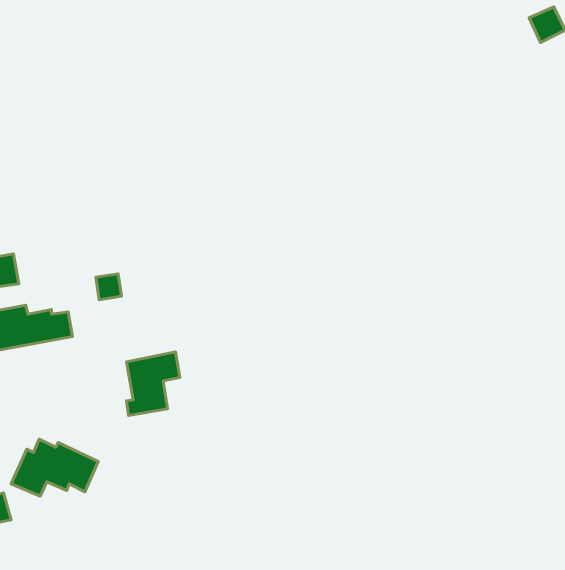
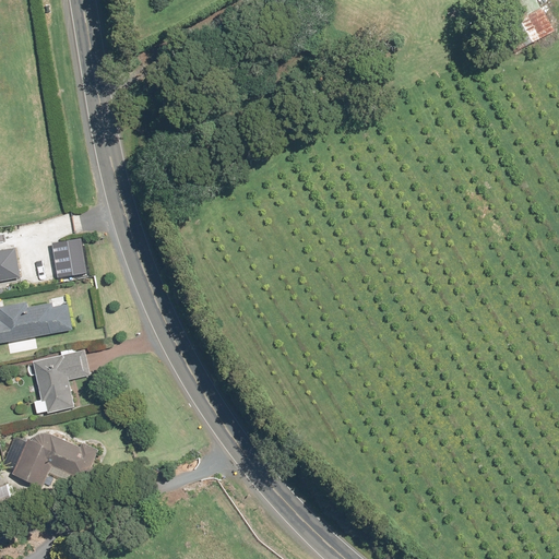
building: [96,274,122,300] -> [61,249,86,274]
building: [126,352,180,415] -> [33,350,85,413]

